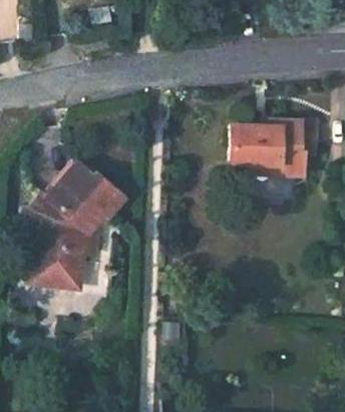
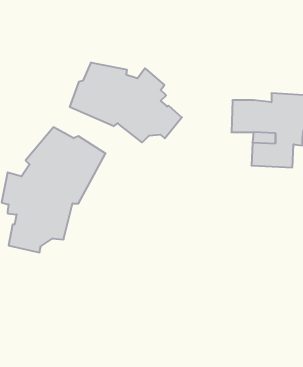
building: none -> [70,62,182,142]

